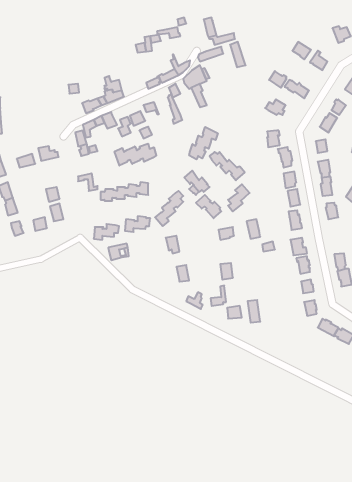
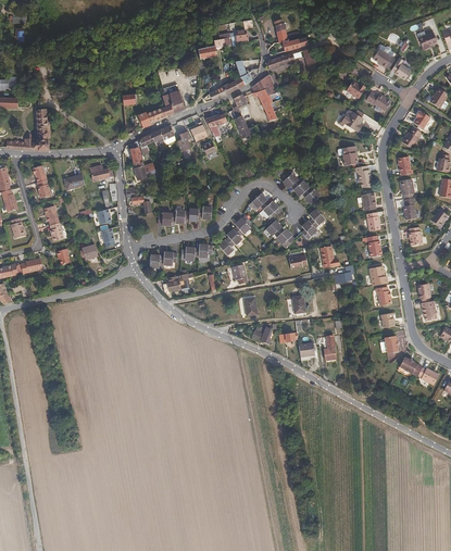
building: [189,127,218,159] -> none
building: [115,144,156,166] -> none

